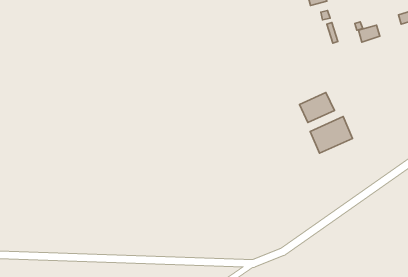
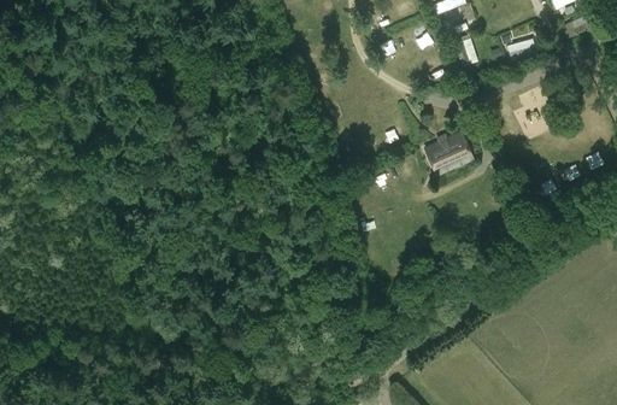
building: [310,117,353,153] -> none

